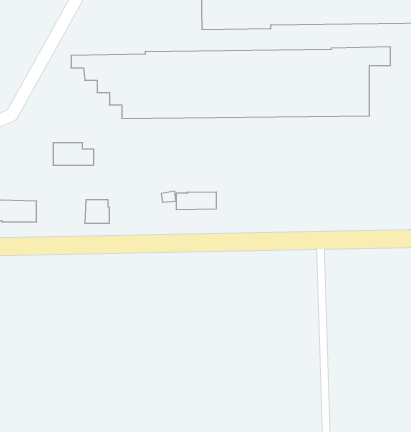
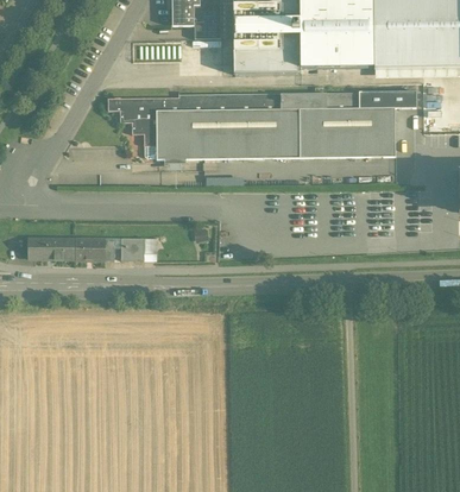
building: [53,143,94,165] -> [75,238,114,259]
building: [176,192,216,210] -> none

